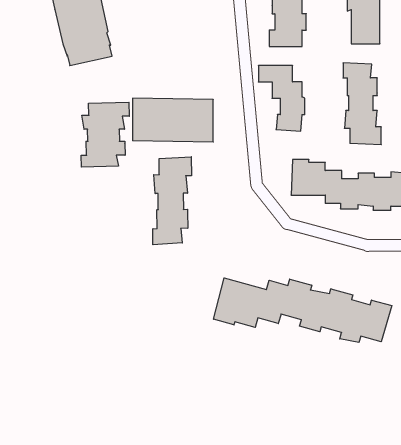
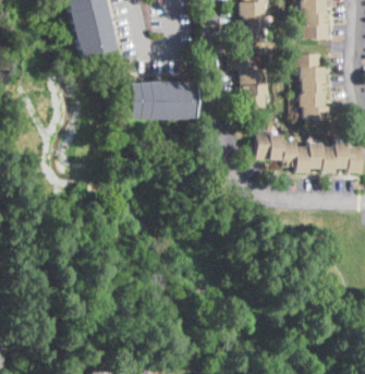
building: [81,102,129,167] -> none
building: [153,157,191,245] -> none
building: [214,278,392,342] -> none

